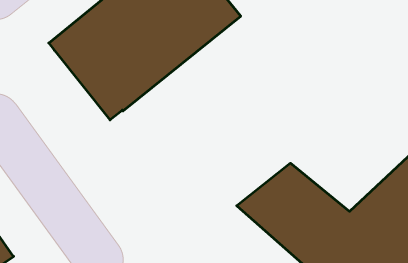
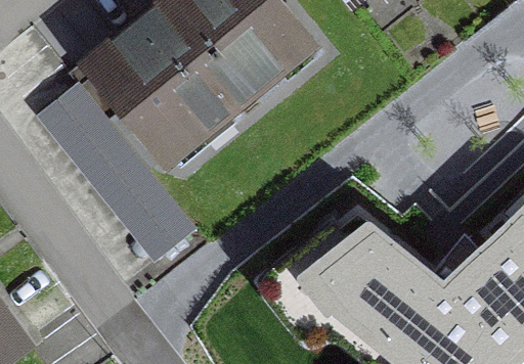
building: none -> [36,83,193,261]

